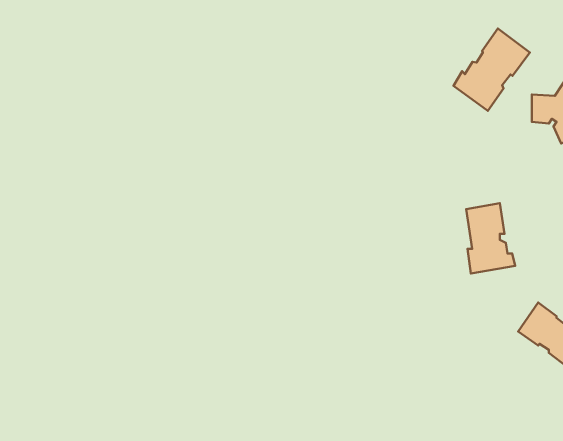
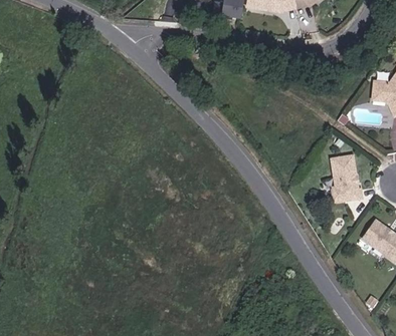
building: [454,28,530,111] -> none

